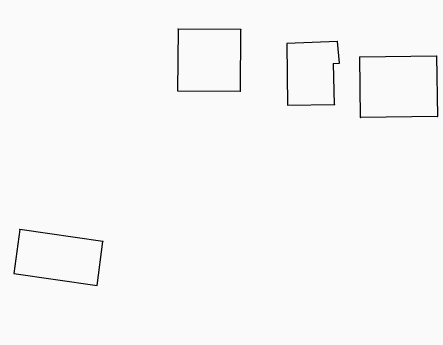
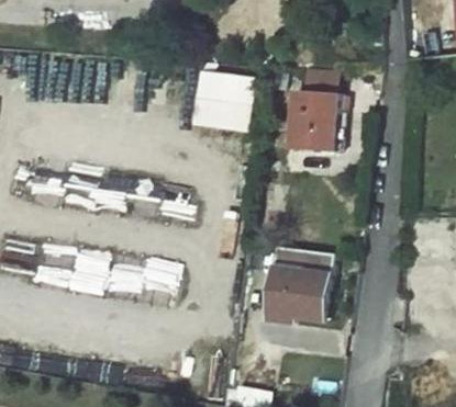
building: [360,56,437,118] -> none
building: none -> [271,264,331,315]

